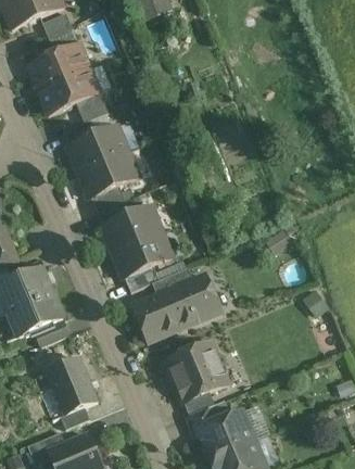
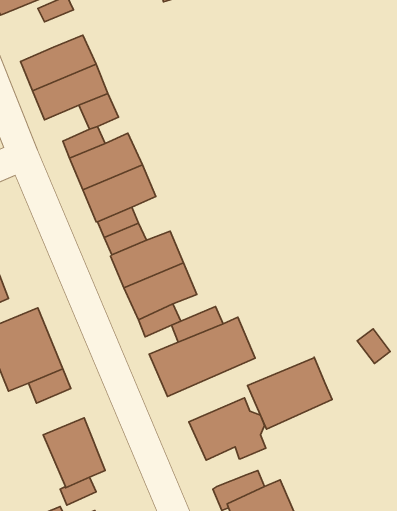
building: [48,23,79,53] -> none
building: none -> [248,357,332,429]
building: [180,381,214,414] -> none

